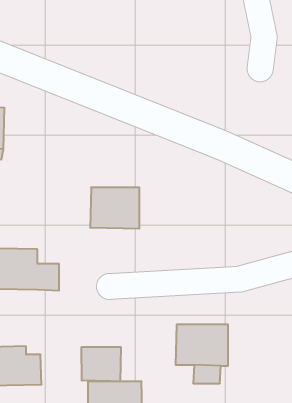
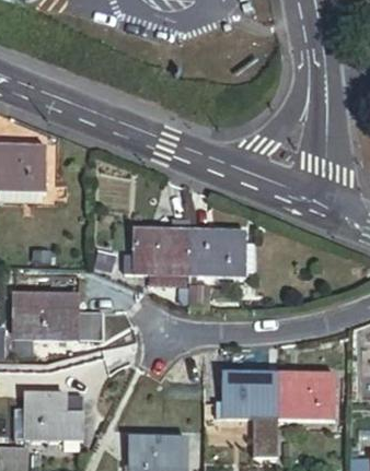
building: none -> [186,229,245,274]
building: none -> [280,375,336,419]
building: [82,347,121,381] -> none

